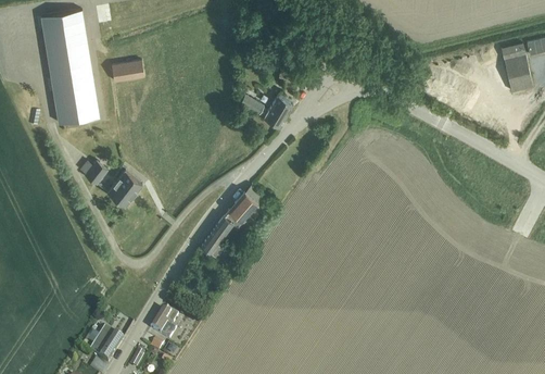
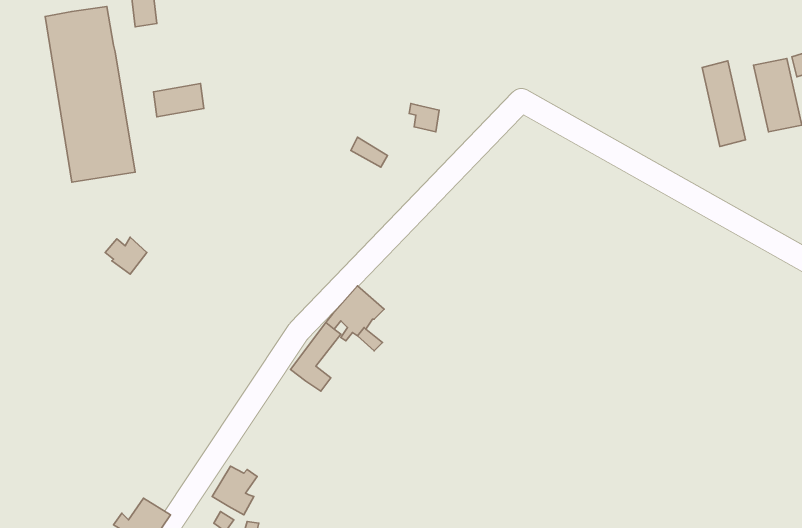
building: none -> [702,61,746,146]
building: [263,94,292,126] -> none
building: [106,170,141,205] -> none

